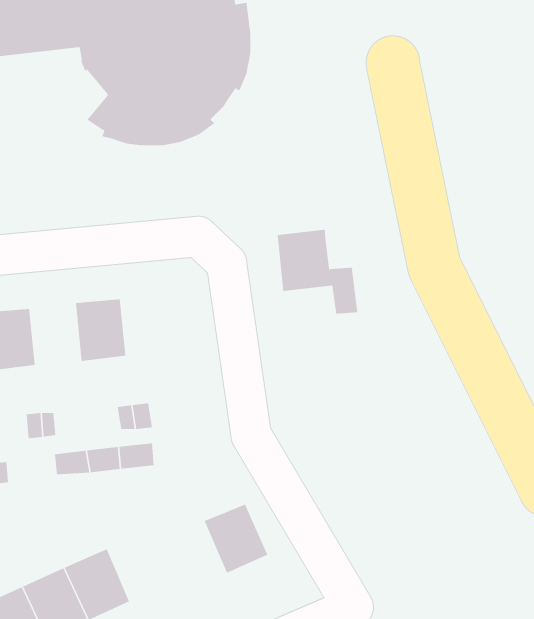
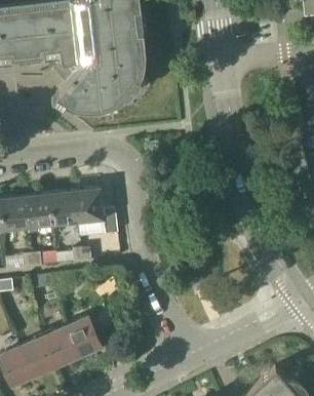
building: [277,229,358,314] -> [74,189,118,235]
building: none -> [25,194,52,228]
building: [204,504,268,574] -> [67,318,102,356]

